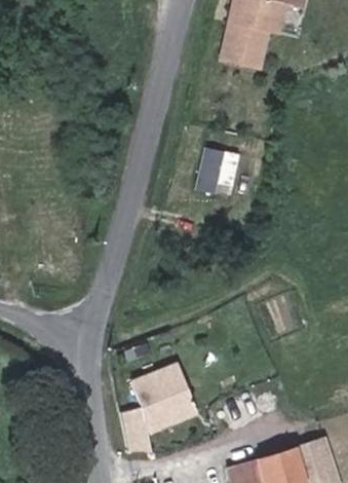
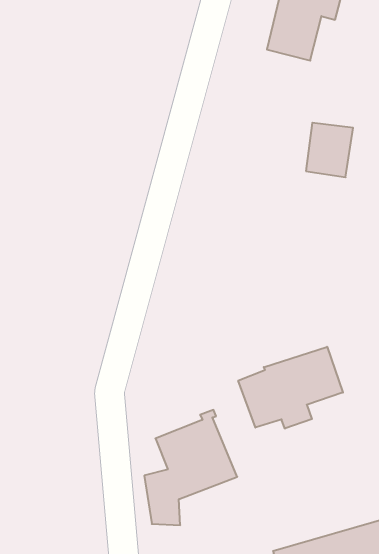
building: [199,146,238,191] -> [306,123,353,177]
building: none -> [238,347,343,429]

